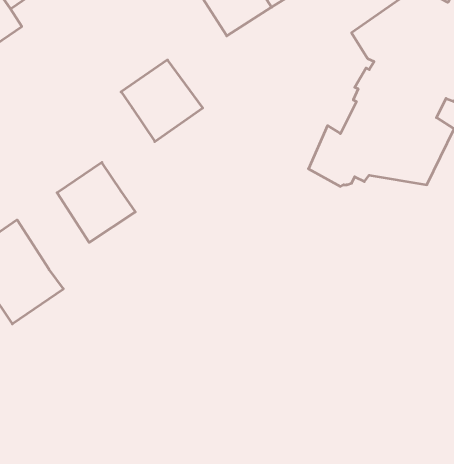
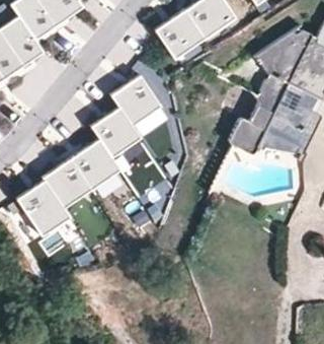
building: none -> [87,104,139,156]
building: none -> [44,157,89,206]

